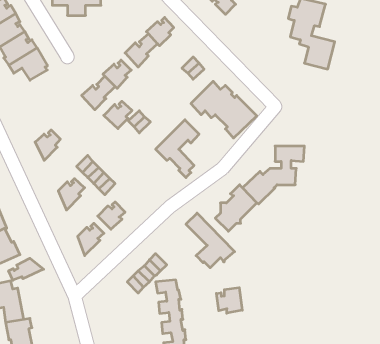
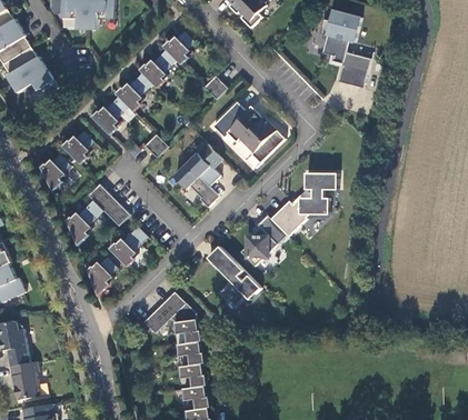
building: [104,101,132,129] -> [62,131,93,161]
building: [9,258,44,280] -> none
building: [216,288,242,313] -> none

